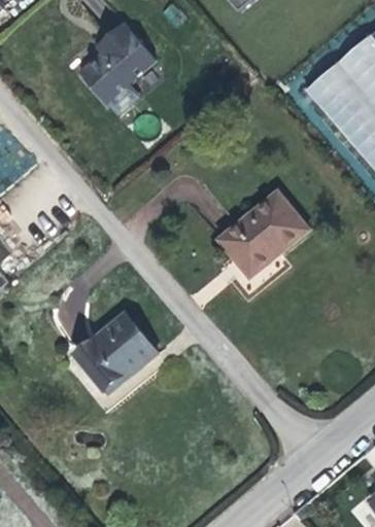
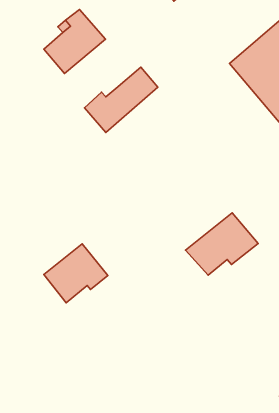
building: none -> [85,67,158,133]
building: [218,192,308,270] -> [186,213,258,275]

